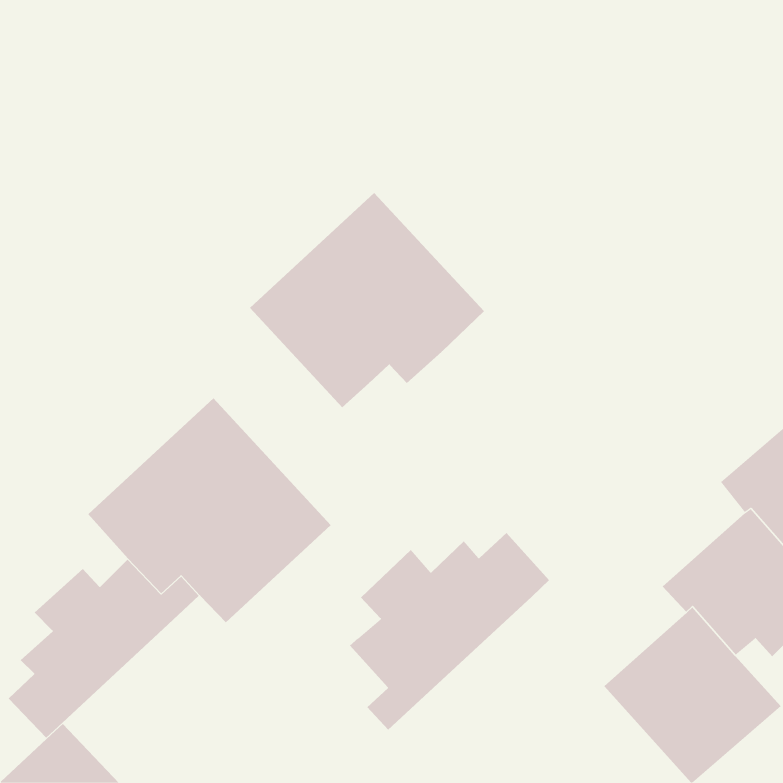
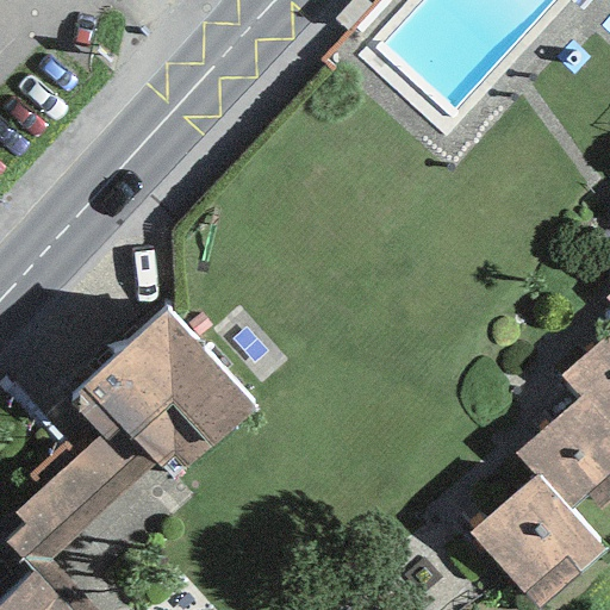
building: [249,192,485,408] -> none
building: [349,532,550,730] -> none

